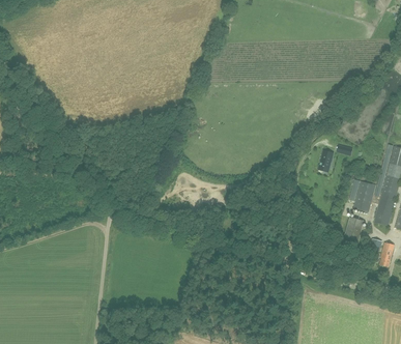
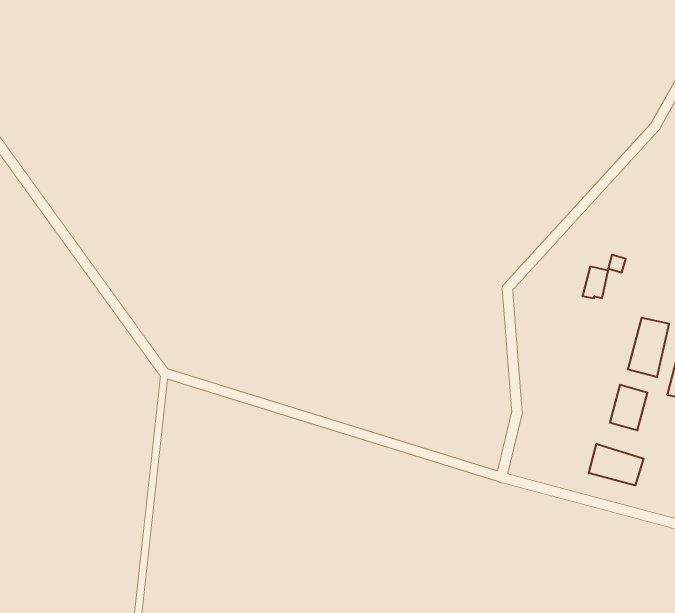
building: none -> [589,444,644,485]

